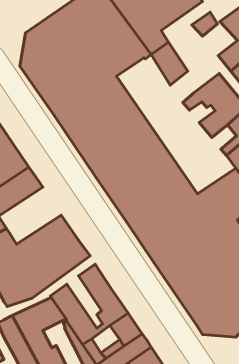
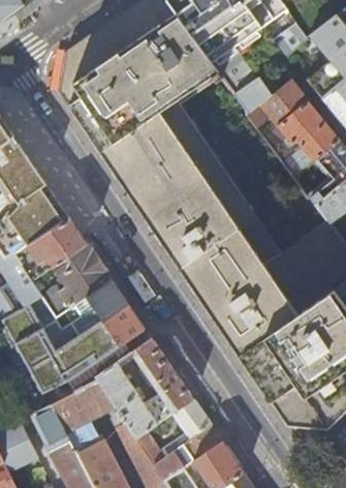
building: none -> [246,80,309,129]
building: none -> [45,243,109,314]

